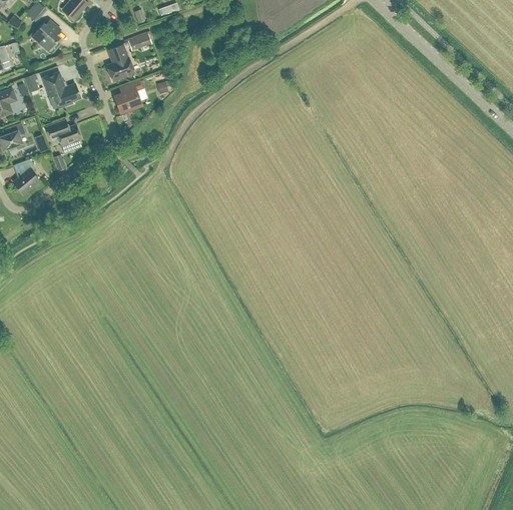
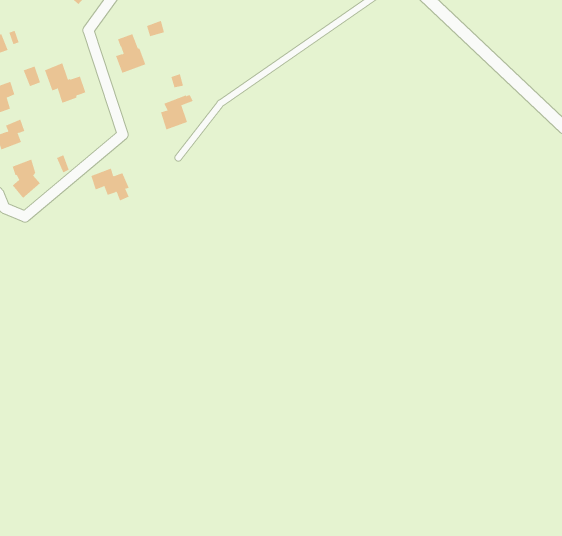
building: [30,20,60,51] -> none
building: [114,80,144,112] -> [160,95,193,130]
building: [45,120,80,150] -> [91,168,129,201]

